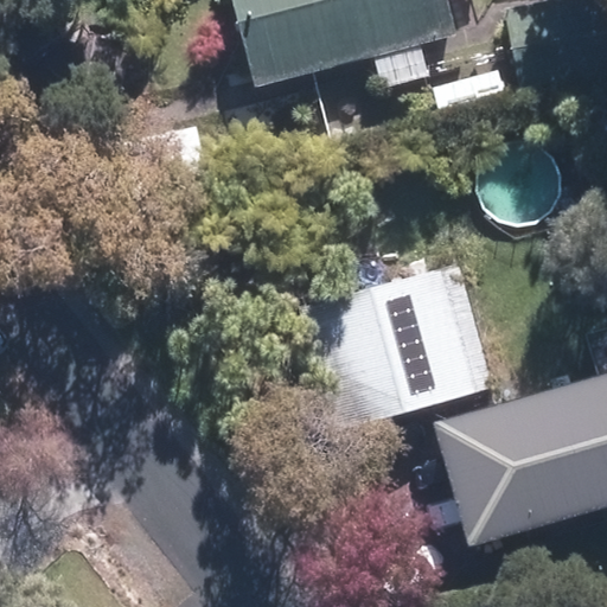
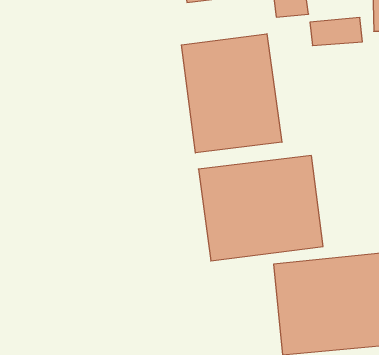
building: none -> [181,34,282,153]

